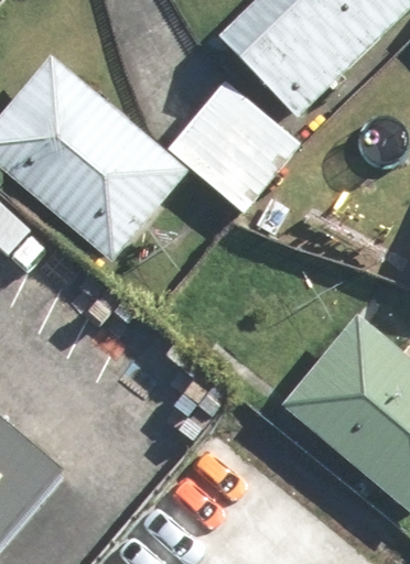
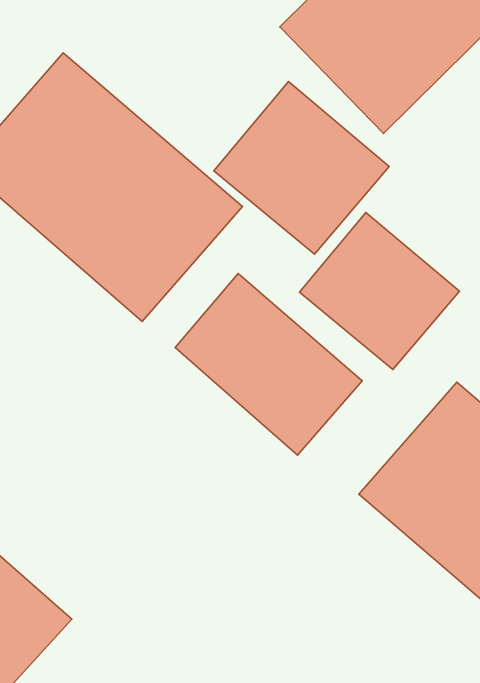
building: none -> [299,212,460,370]
building: none -> [175,273,362,455]

